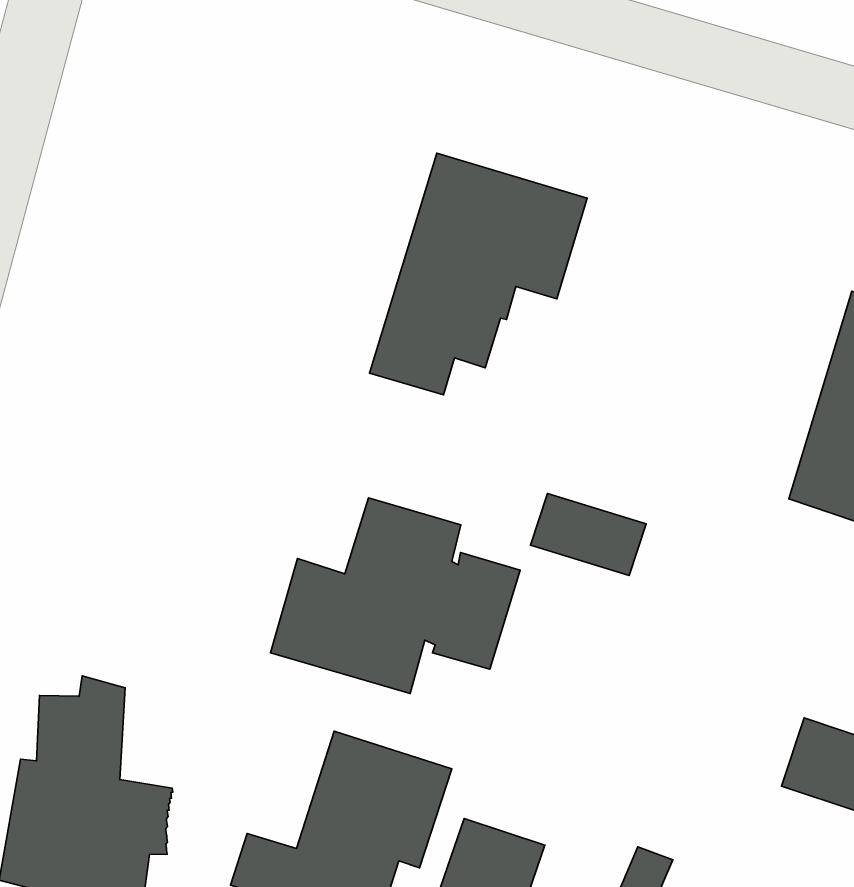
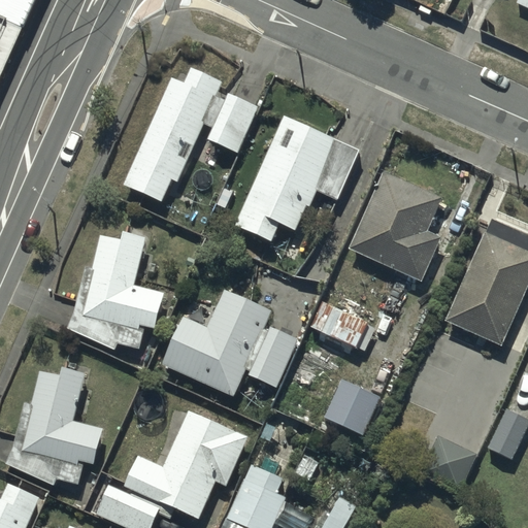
building: none -> [124,65,259,200]
building: none -> [350,170,442,279]
building: none -> [66,227,163,349]
building: none -> [325,381,380,434]

